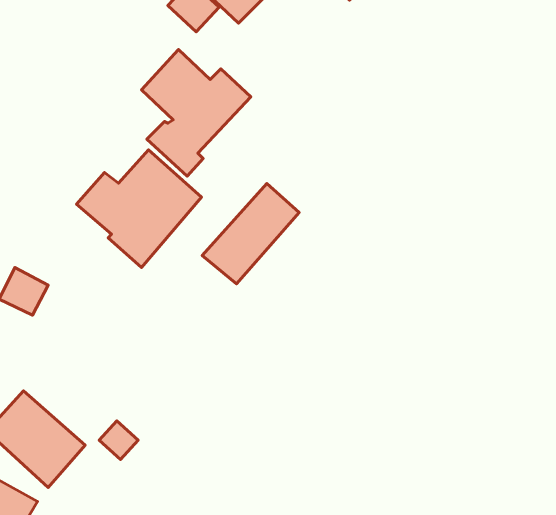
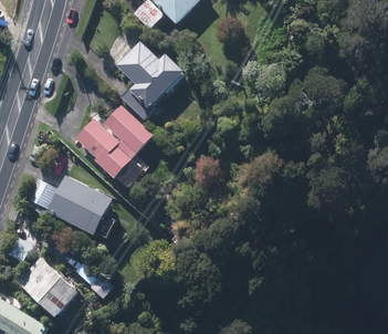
building: [202,183,299,284] -> none
building: none -> [49,176,114,234]

